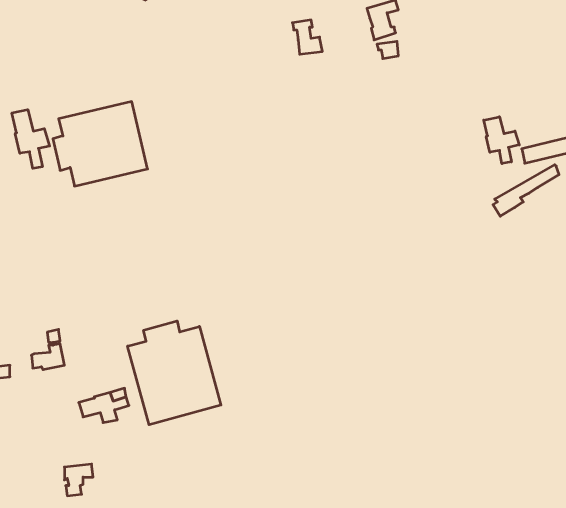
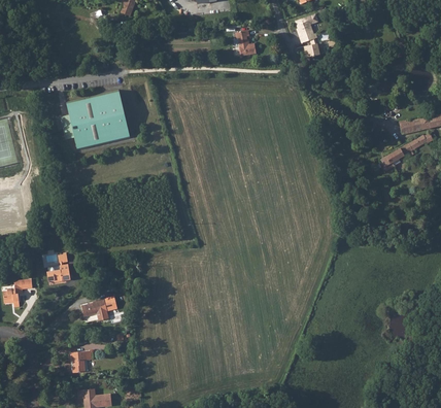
building: [12,110,50,168] -> none
building: [484,117,519,164] -> none
building: [128,321,221,425] -> none

